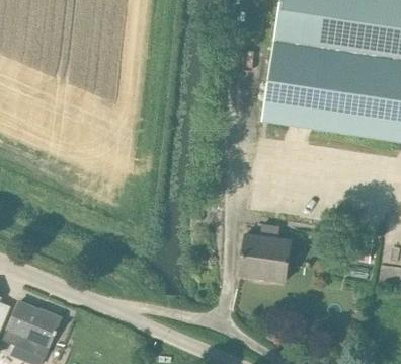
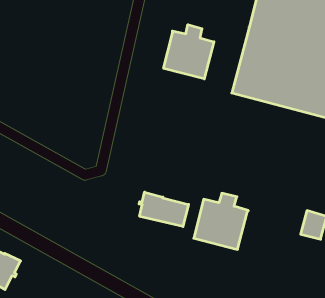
building: none -> [164,25,214,79]
building: none -> [139,192,189,227]

